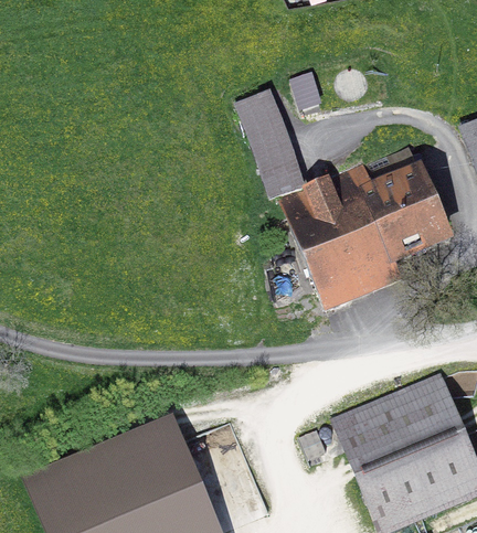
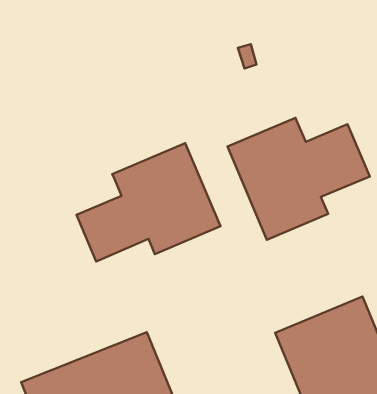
building: [235,95,293,191] -> none
building: none -> [77,143,221,262]

